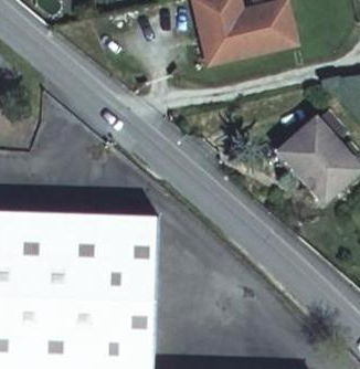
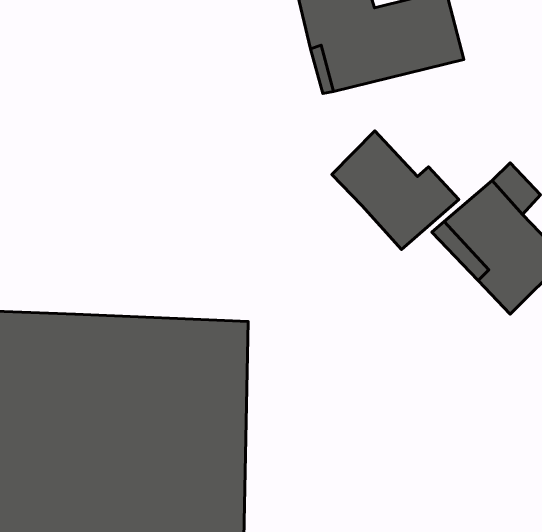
building: none -> [332,131,459,249]

